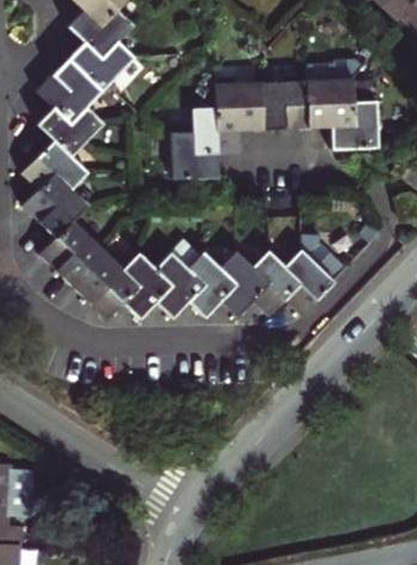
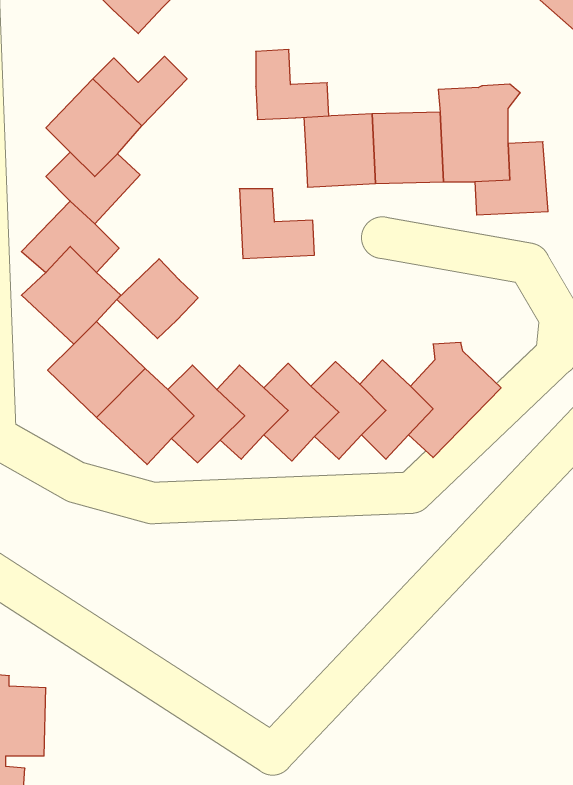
building: [67,8,135,59] -> none
building: [192,107,242,155] -> [256,50,329,119]
building: none -> [117,259,198,339]

